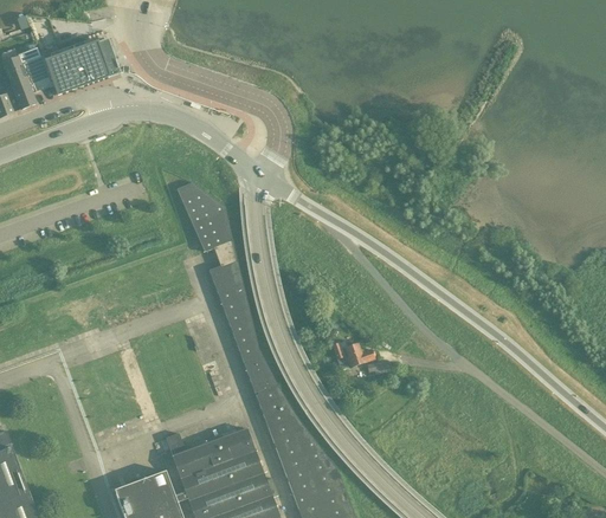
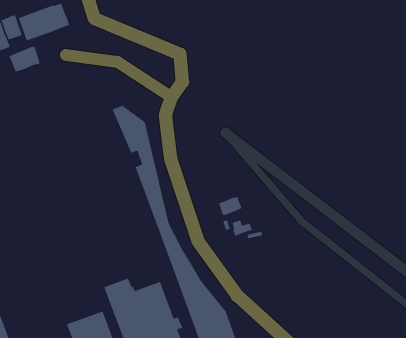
building: none -> [9,46,41,72]
building: none -> [218,196,243,216]

